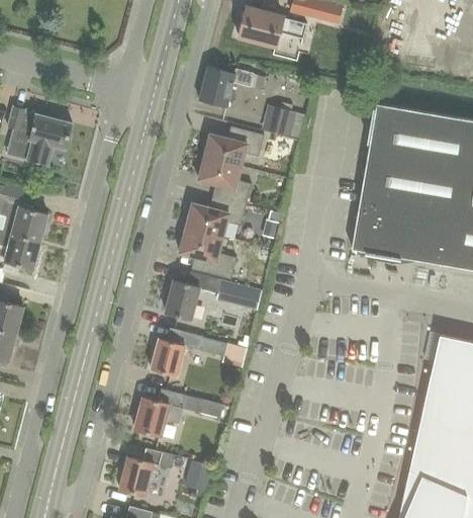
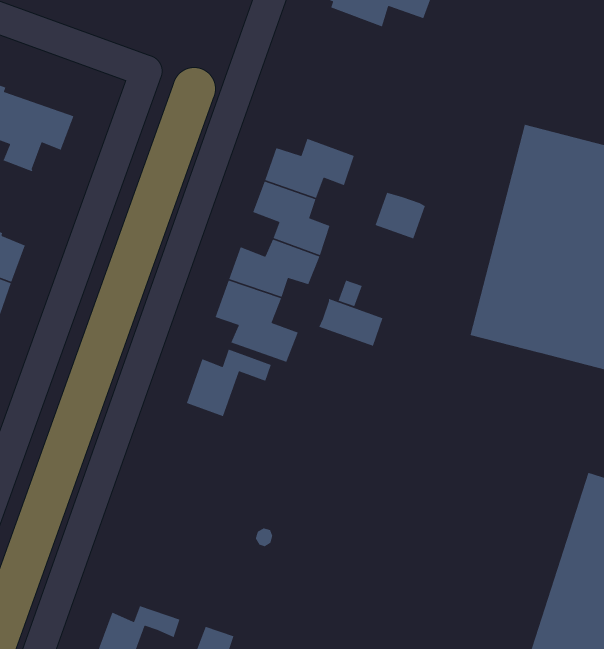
building: [199,67,253,107] -> none
building: [262,106,295,137] -> [375,192,426,239]
building: [215,279,259,310] -> [318,298,384,347]
building: [151,330,248,376] -> none
building: [134,392,222,438] -> none

